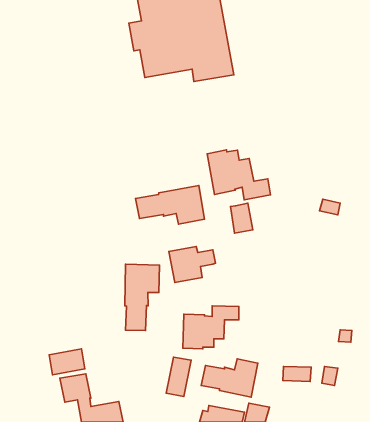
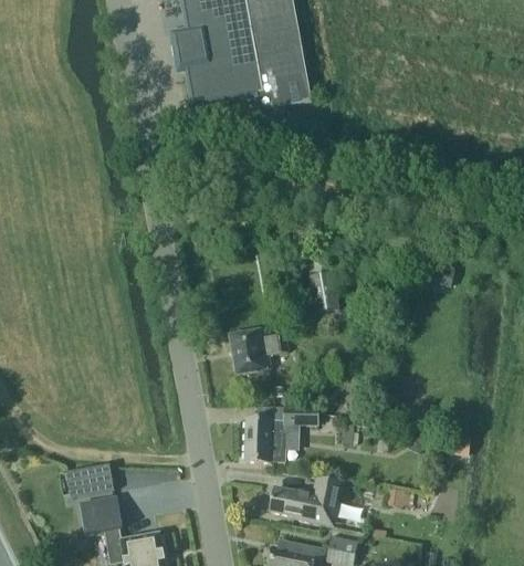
building: [207,150,270,200] -> none
building: [136,185,205,224] -> none
building: [125,264,159,330] -> none
building: [166,357,191,397] -> none

